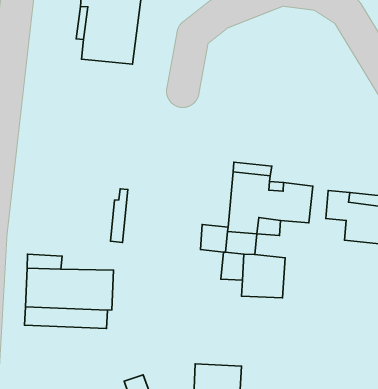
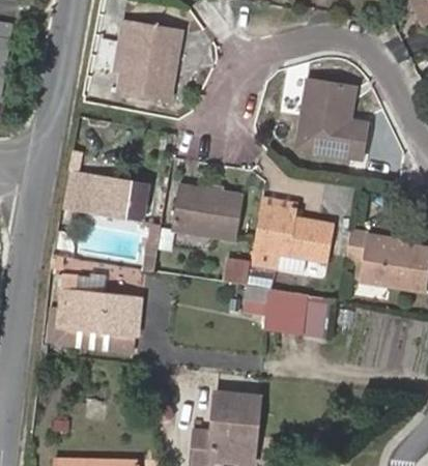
building: none -> [294,78,363,155]
building: none -> [63,164,150,212]
building: none -> [171,183,245,238]
building: none -> [301,294,327,334]

